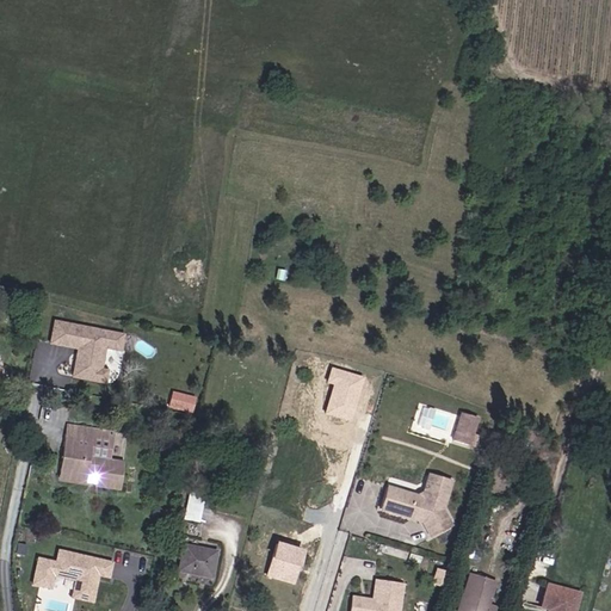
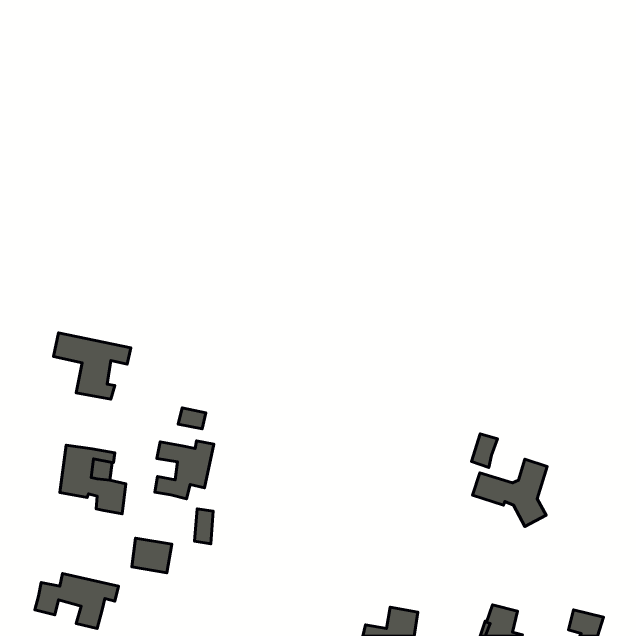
building: [328,368,365,419] -> none
building: none -> [155,441,214,499]
building: [379,475,451,539] -> [472,459,547,526]
building: [270,542,307,584] -> none
building: [178,544,216,578] -> [132,538,172,573]

